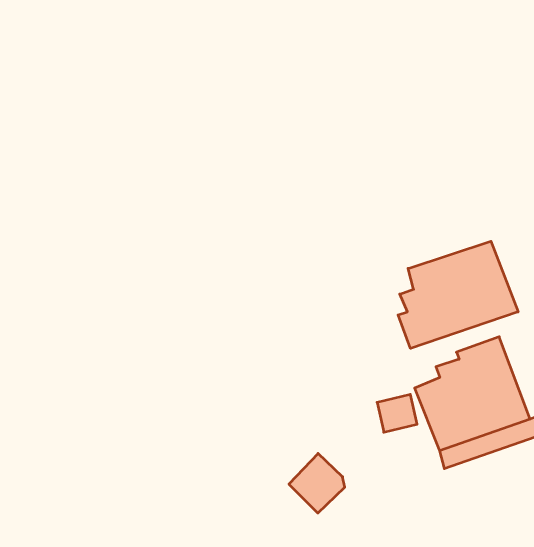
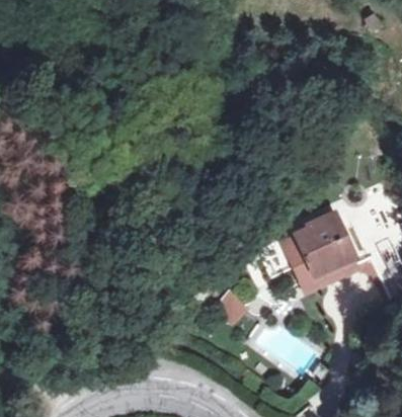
building: [398,241,518,348] -> none

